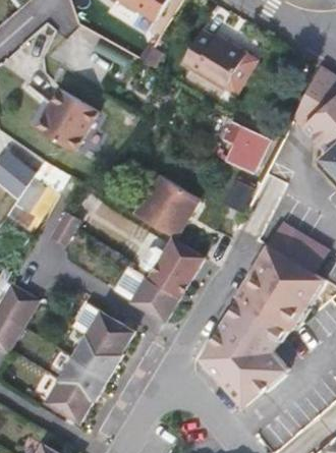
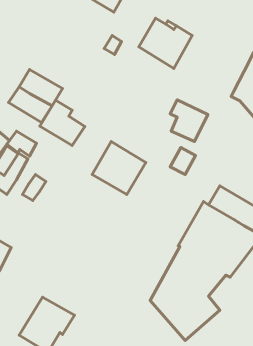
building: none -> [40,100,85,146]
building: [115,237,203,319] -> none
building: [73,301,134,377] -> none

